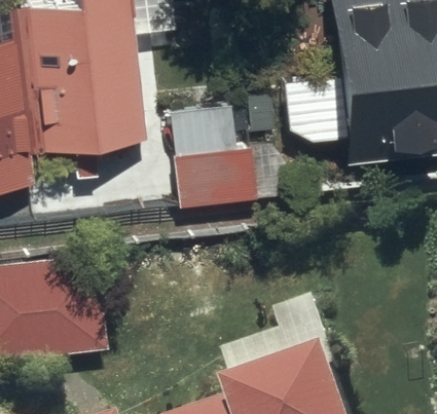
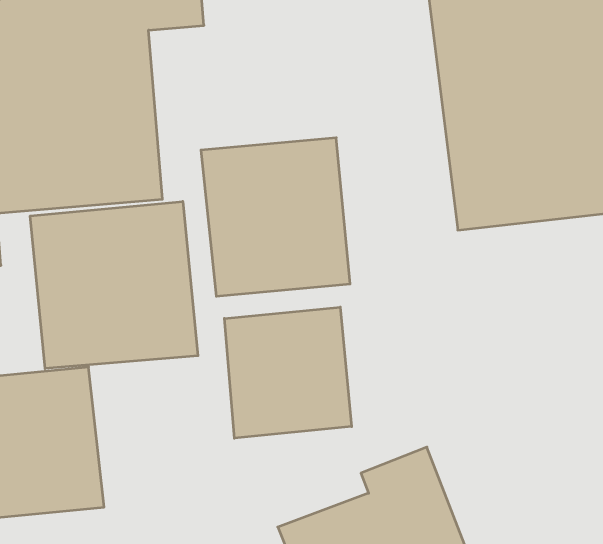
building: none -> [30,201,198,369]
building: none -> [224,307,352,438]

